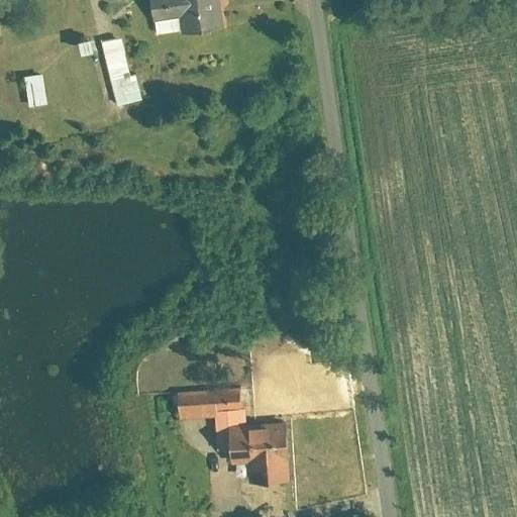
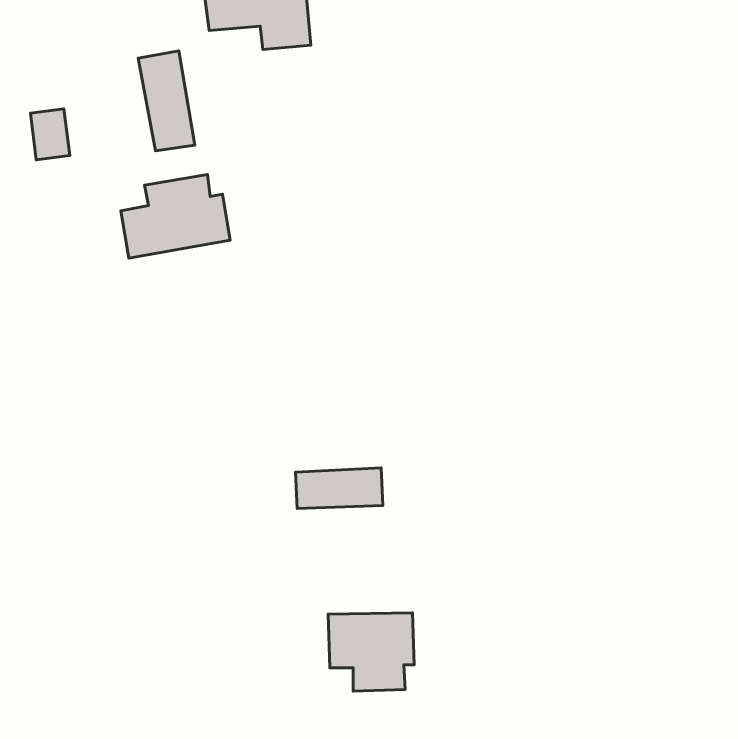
building: none -> [121,175,230,258]
building: [181,390,241,418] -> [296,468,383,509]

